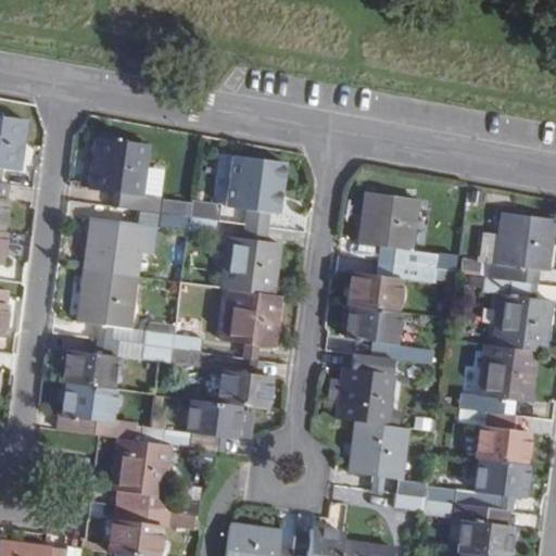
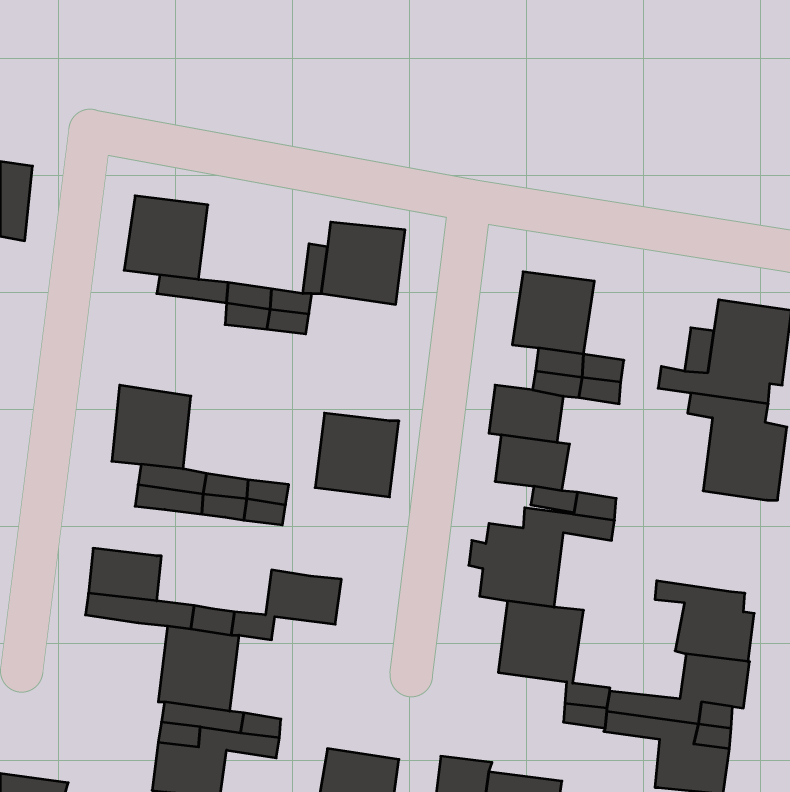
building: [86,219,142,278] -> none
building: [223,237,280,295] -> none
building: [462,343,539,415] -> none
building: [66,352,117,390] -> none
building: [219,371,270,409] -> none

